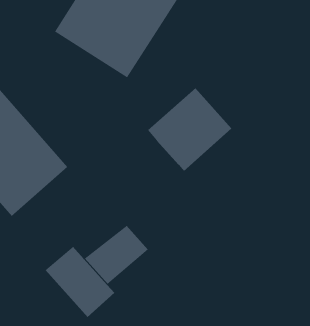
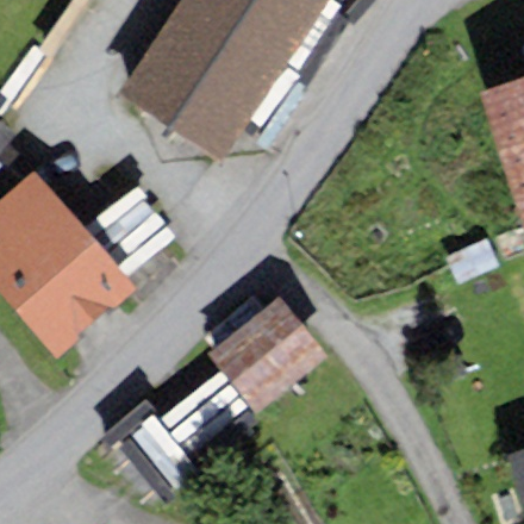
building: [147,88,232,172] -> [208,294,330,414]

